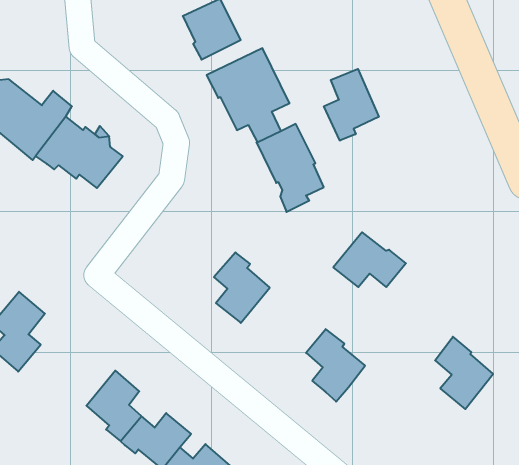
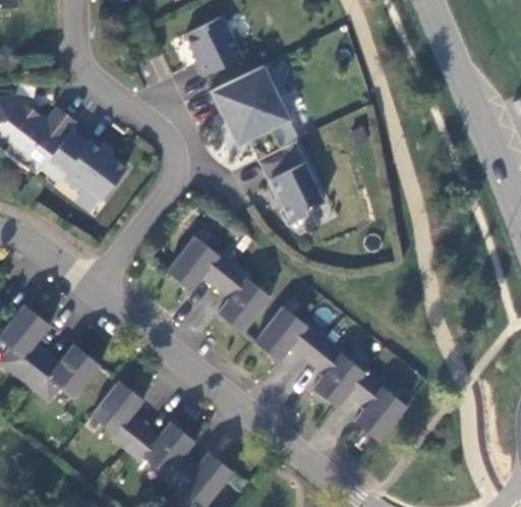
building: [324,69,379,141] -> none
building: none -> [169,237,238,292]
building: [333,232,406,287] -> [255,309,327,363]
building: none -> [24,343,101,401]
building: [435,337,493,409] -> [349,374,406,445]

